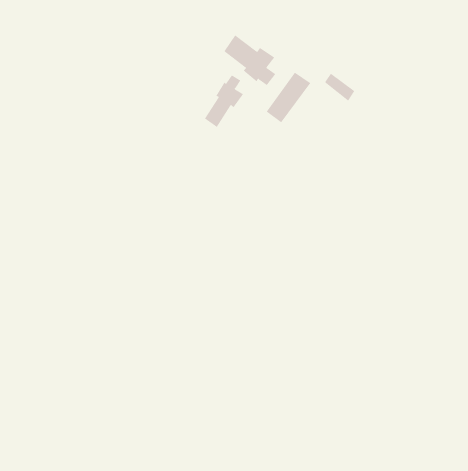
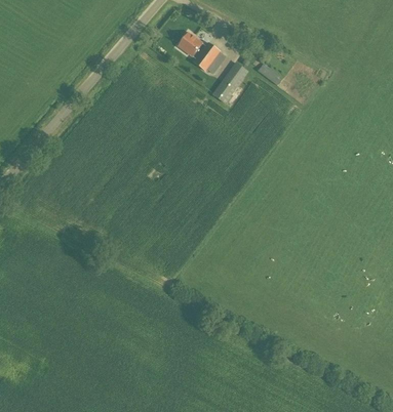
building: [204,74,244,128] -> none

